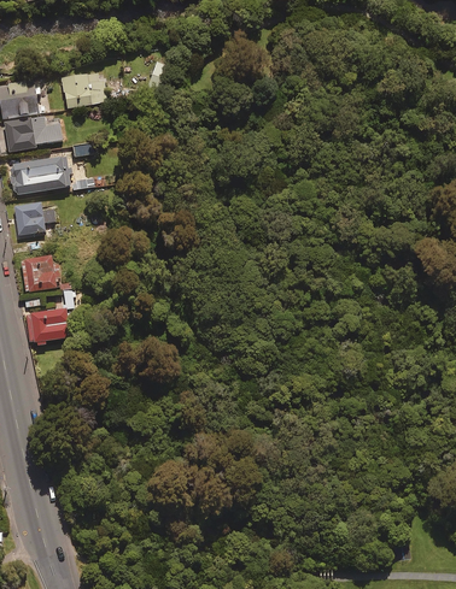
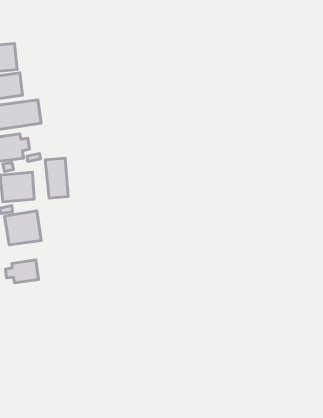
building: [63,73,113,108] -> none
building: none -> [45,158,68,198]
building: none -> [6,260,39,283]

